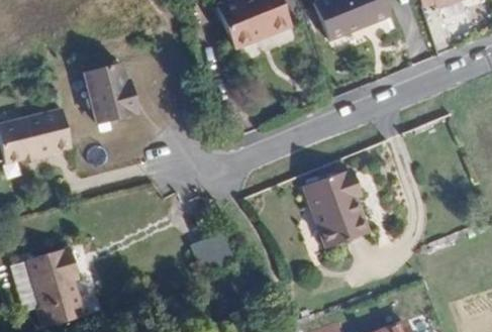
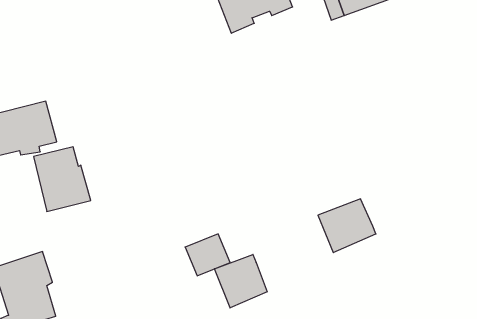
building: [86,64,138,123] -> [34,147,91,211]
building: [304,172,361,215] -> none
building: none -> [214,254,267,308]

